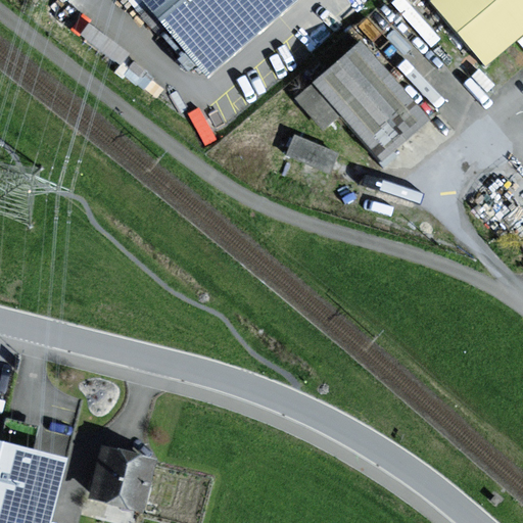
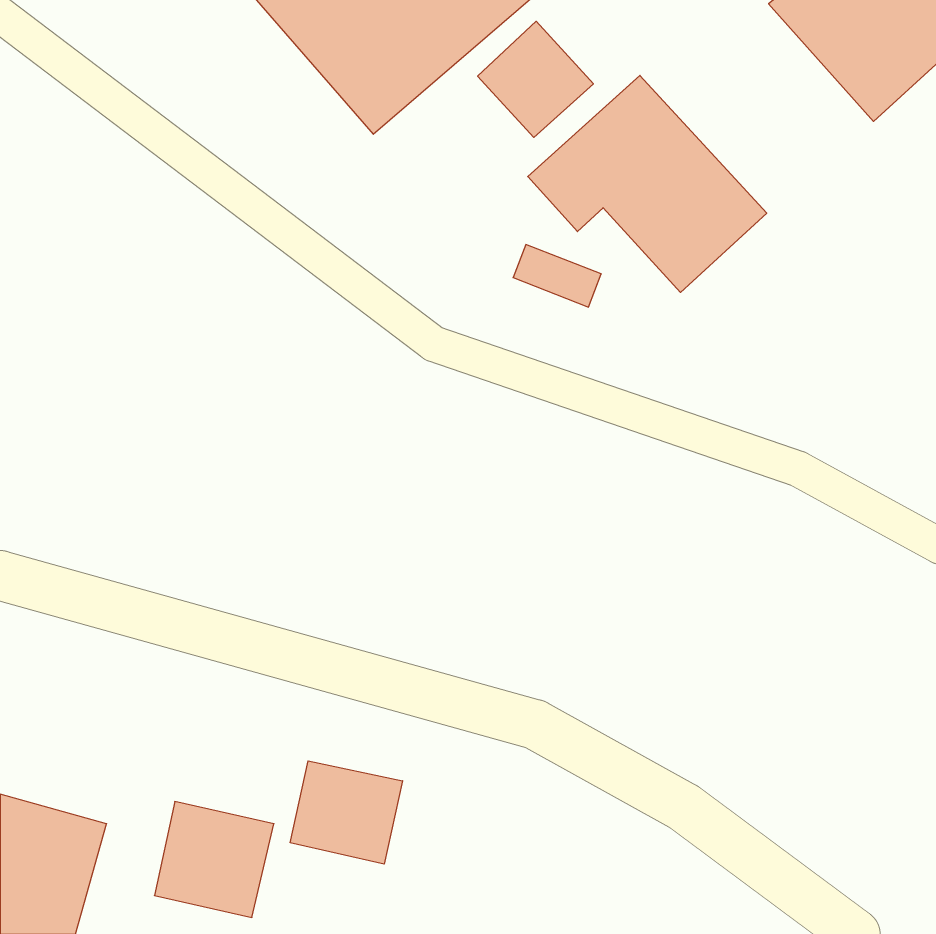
building: none -> [478,21,593,137]
building: none -> [290,761,403,864]

